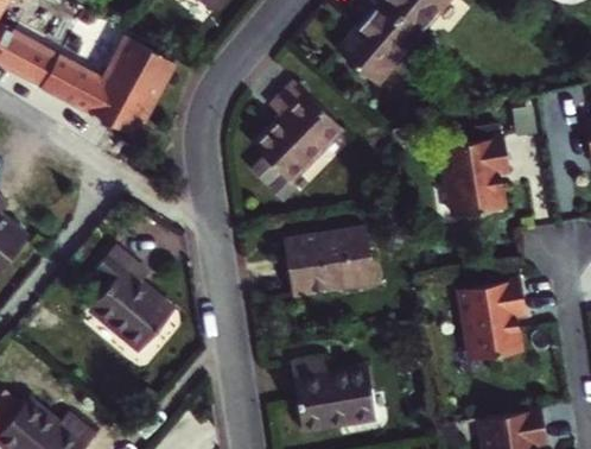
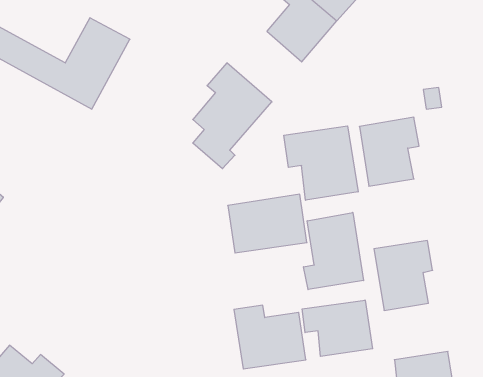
building: none -> [284,126,358,200]
building: [90,248,177,354] -> none
building: none -> [304,212,364,290]
building: none -> [302,300,373,356]

